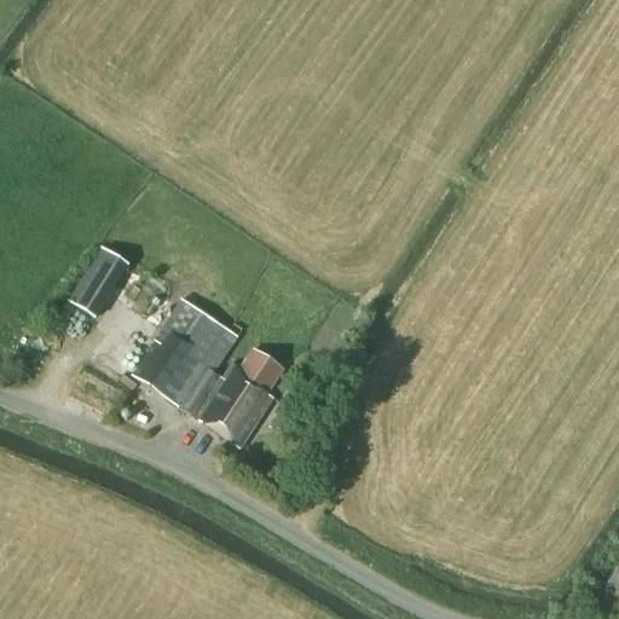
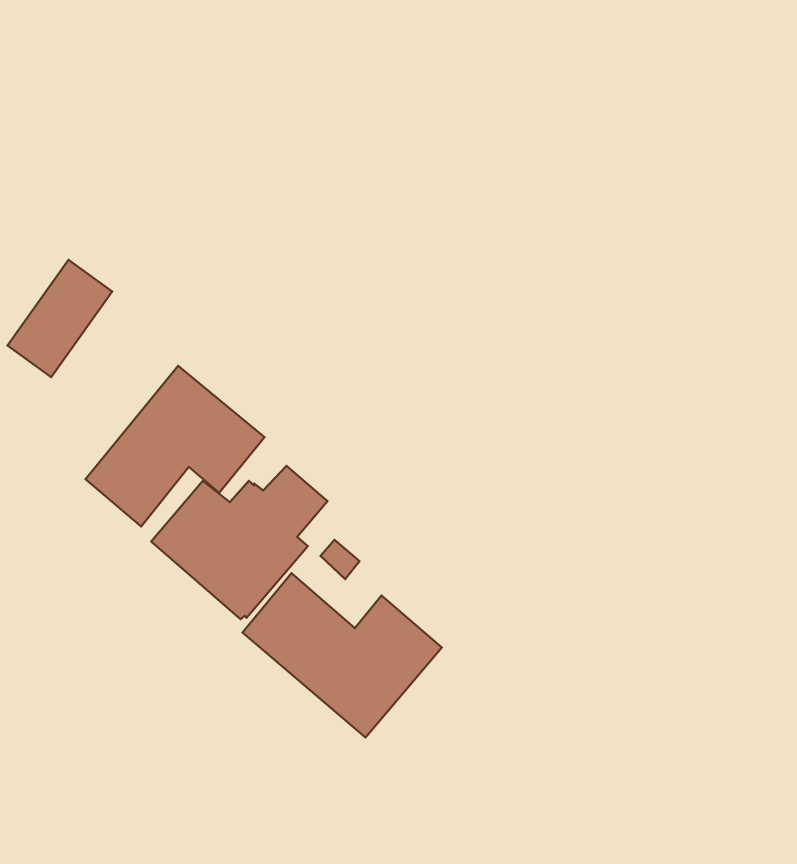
building: none -> [243,573,442,737]

